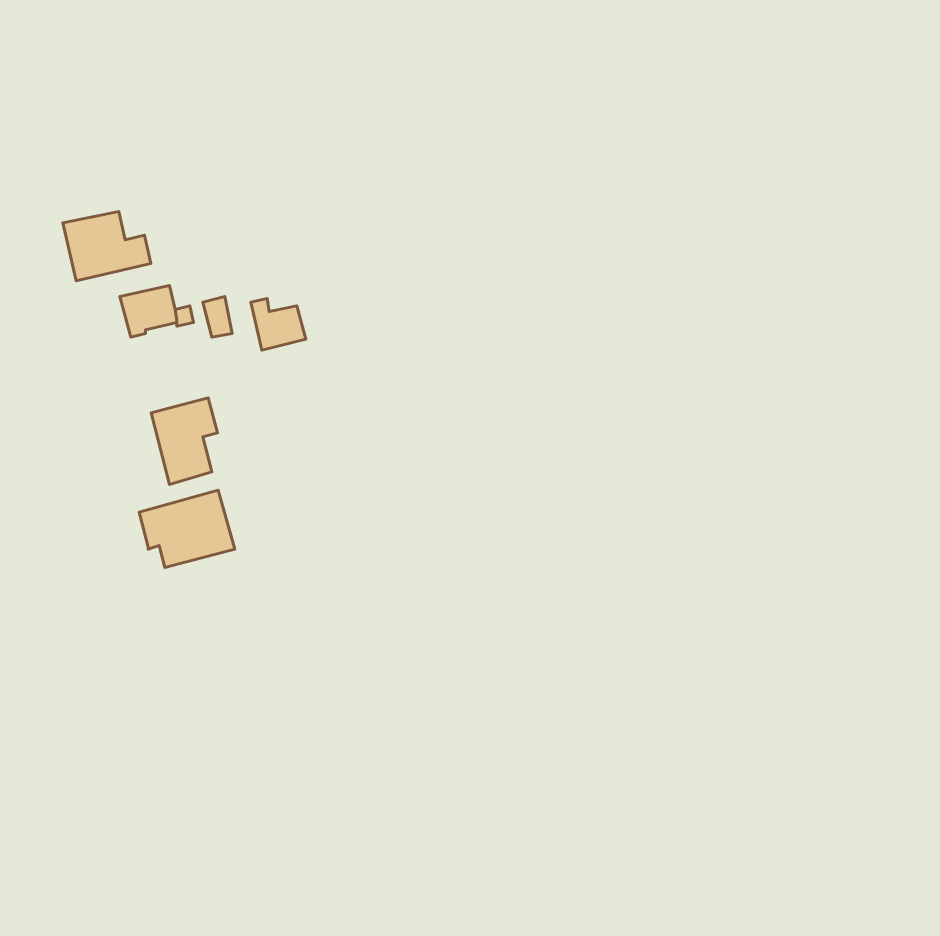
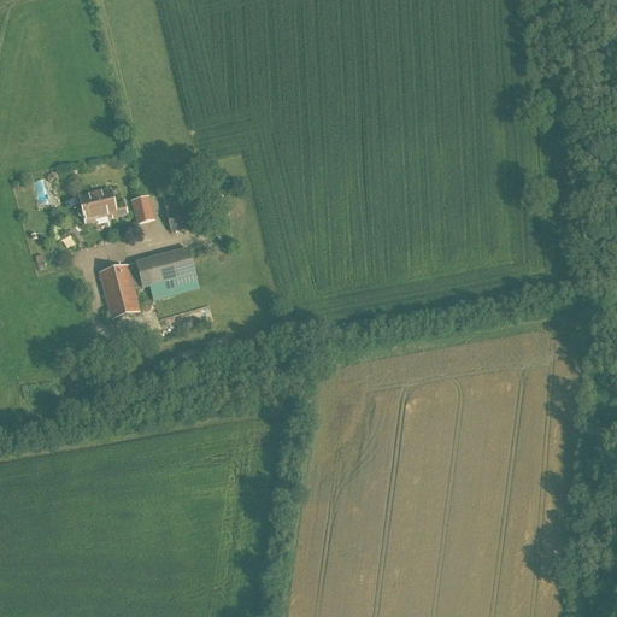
building: [63,212,151,281] -> none
building: [139,490,235,568] -> [136,246,199,296]

